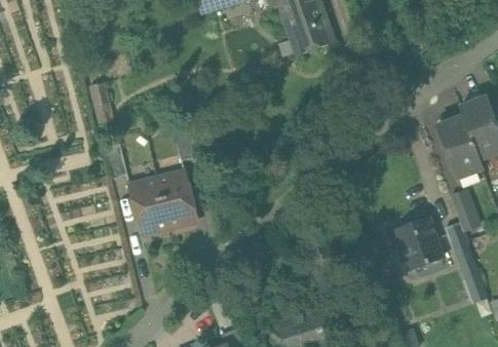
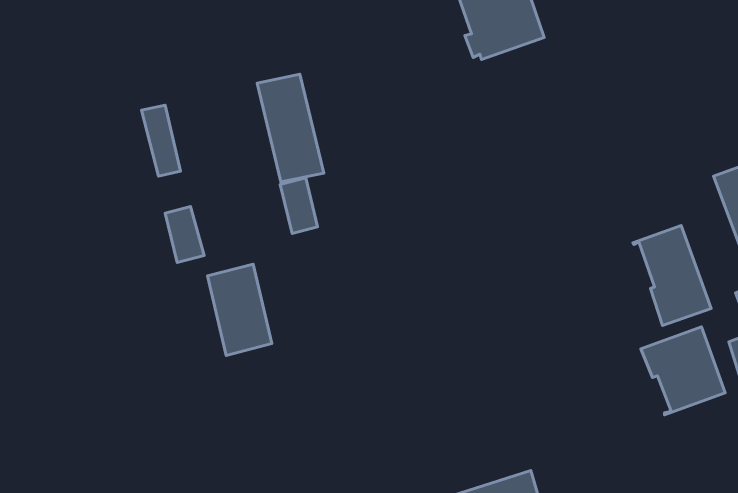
building: none -> [257,74,324,182]
building: none -> [633,225,711,326]
building: [157,171,196,227] -> none

